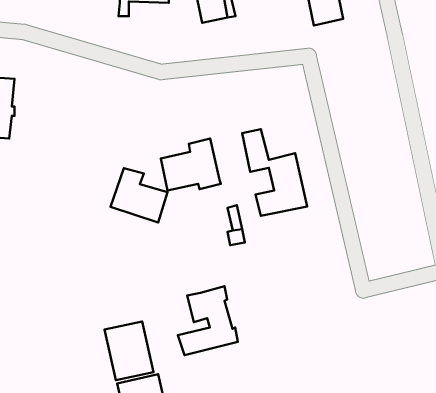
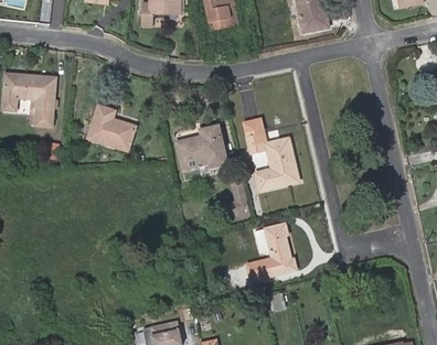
building: [110,168,168,223] -> [87,106,135,151]
building: [178,286,238,355] -> [246,224,296,281]
building: [104,322,154,380] -> none

